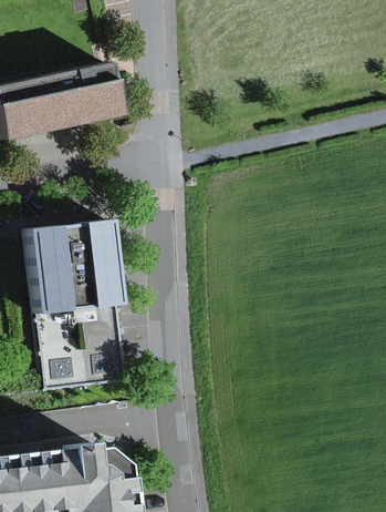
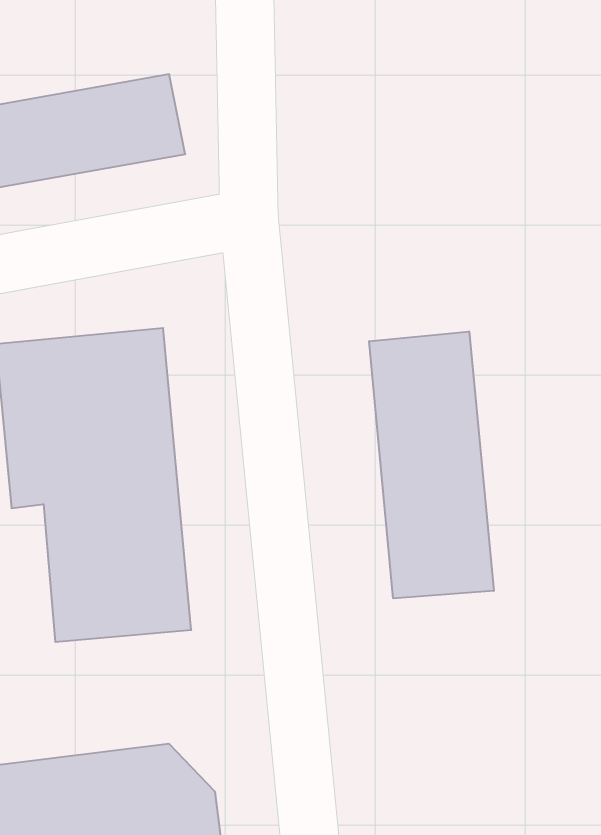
building: none -> [369,331,494,598]

